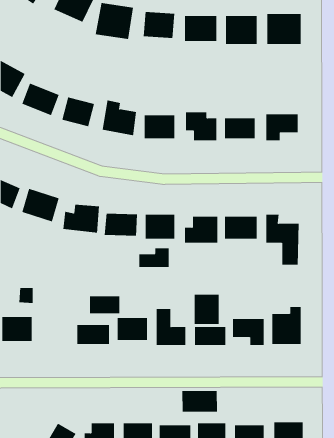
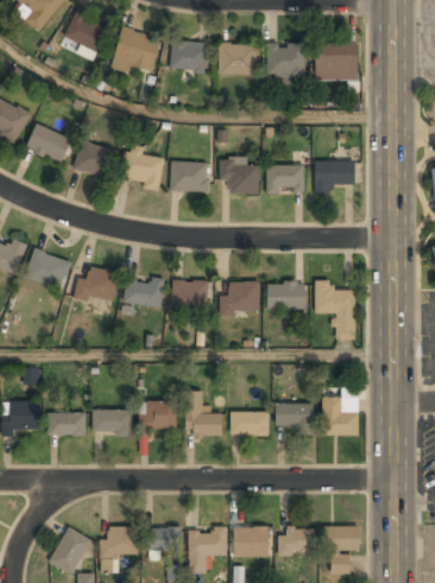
building: [139,247,169,268] -> none
building: [194,294,219,325] -> none
building: [89,296,120,314] -> [49,413,86,435]
building: [182,390,217,412] -> none

